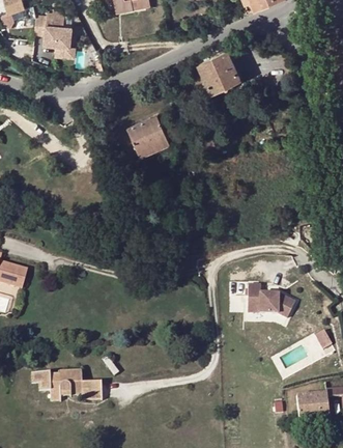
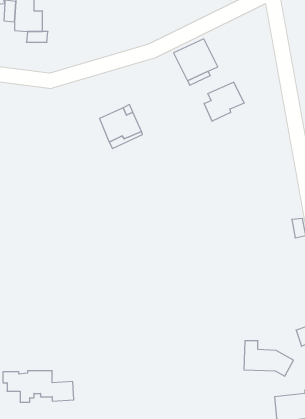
building: none -> [204,82,244,121]
building: [245,283,292,317] -> [244,341,293,376]

